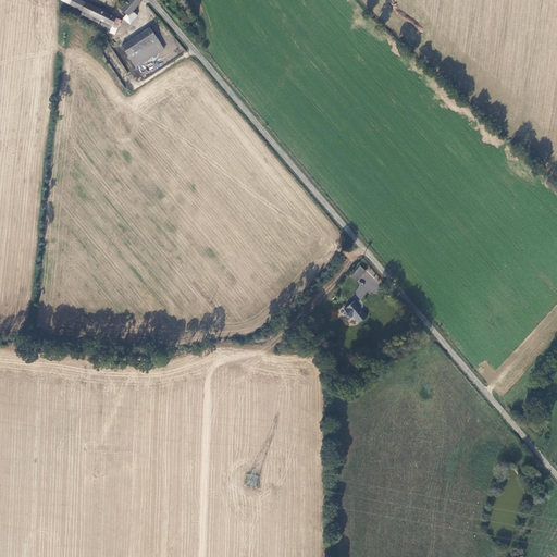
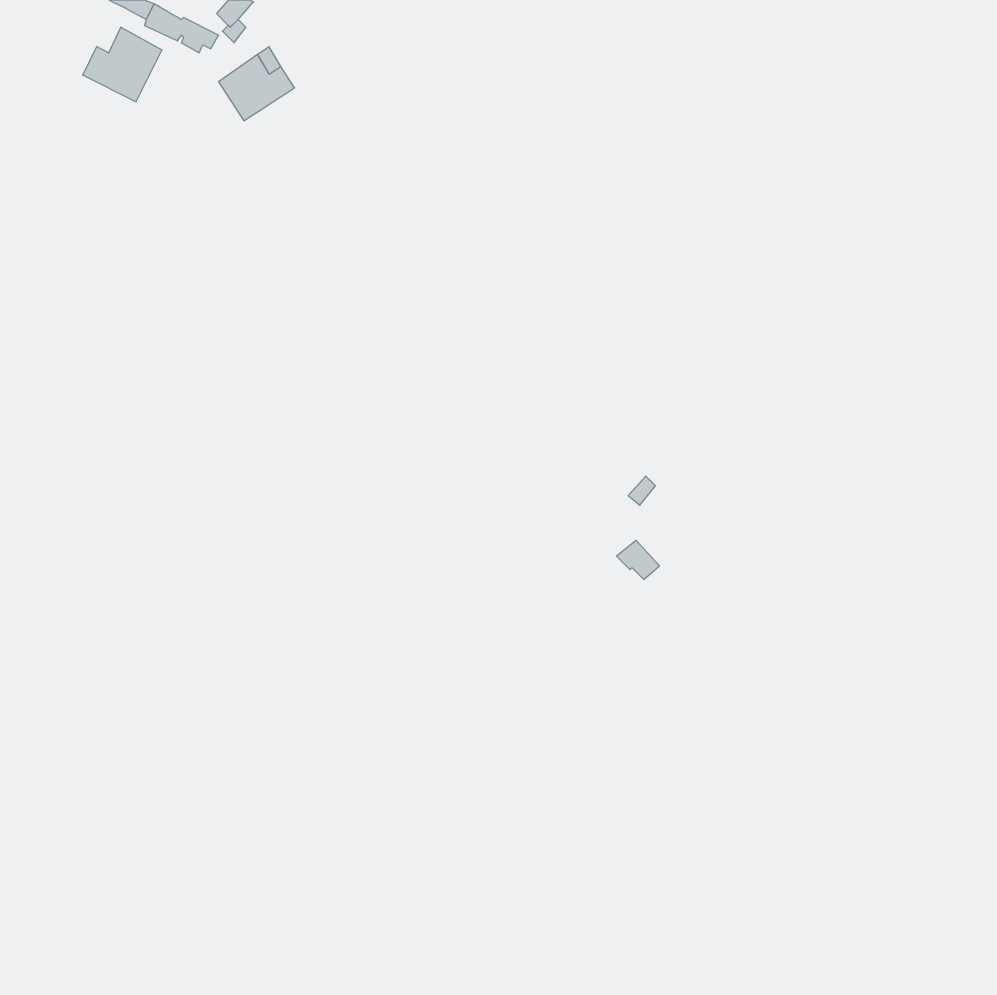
building: none -> [83,27,162,102]

